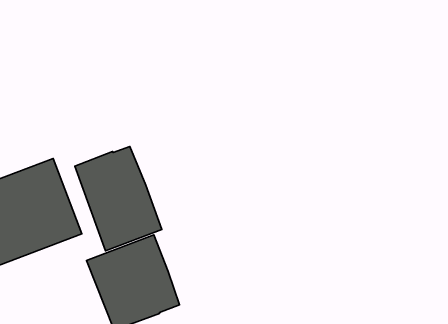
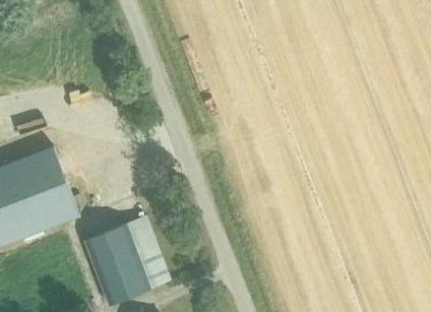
building: [75,147,162,251] -> none

